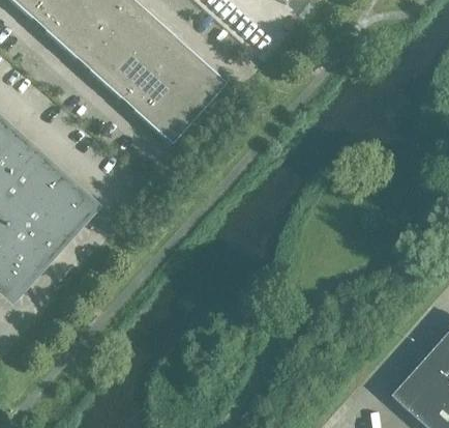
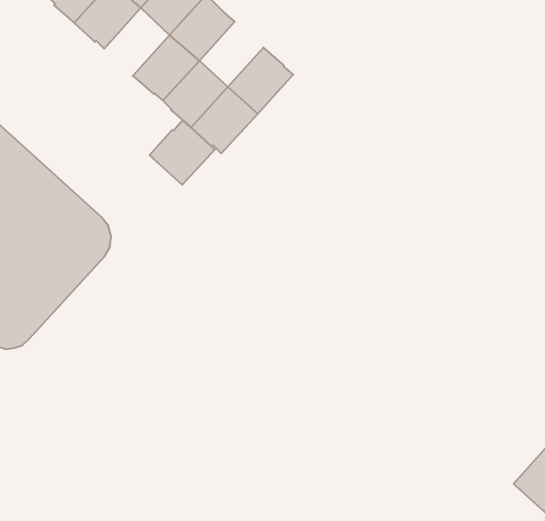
building: [82,33,131,85] -> none
building: [154,44,203,93] -> none
building: none -> [150,120,215,185]

